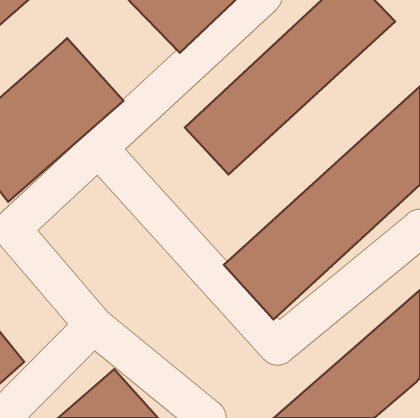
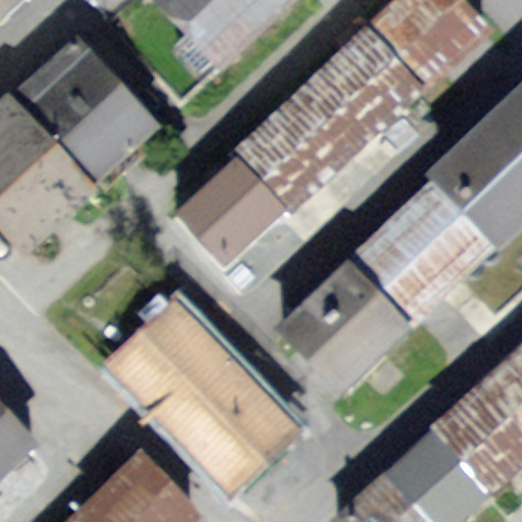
building: none -> [159,150,273,265]
building: none -> [97,265,307,480]

